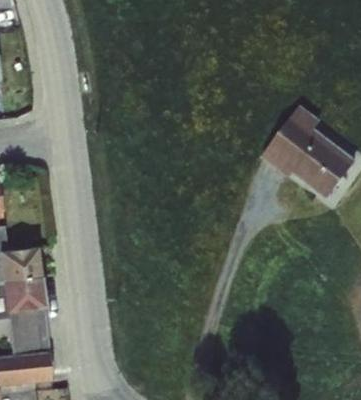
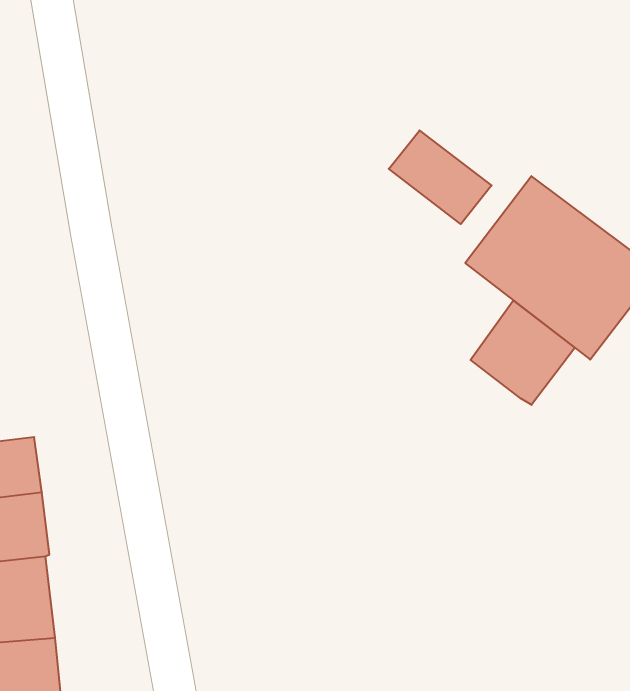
building: none -> [389,130,492,224]
building: none -> [471,300,575,405]

